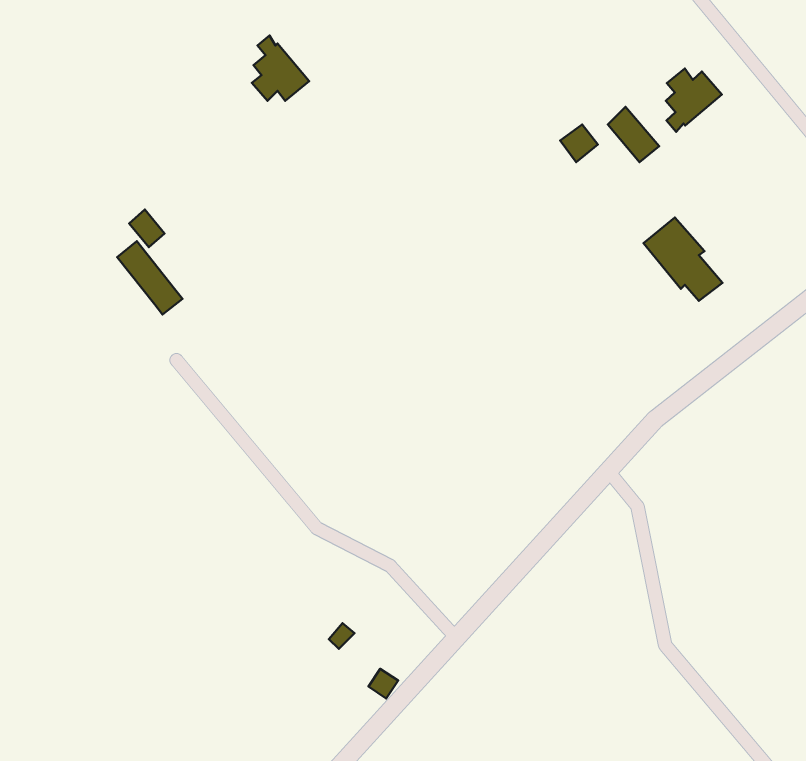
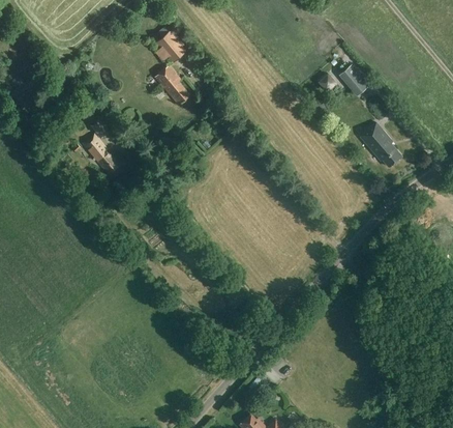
building: [666,69,722,132] -> none
building: none -> [155,65,189,104]

